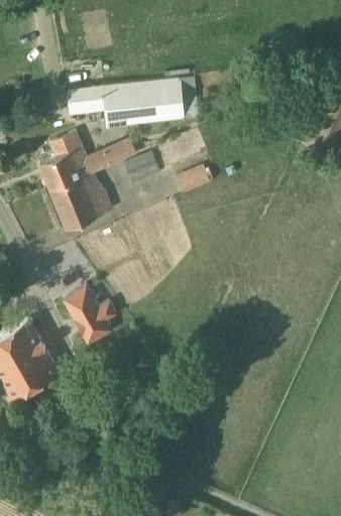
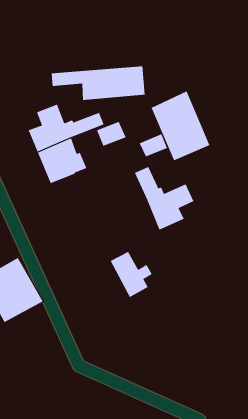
building: none -> [151,91,210,161]
building: none -> [134,166,194,230]
building: [64,284,116,342] -> [110,251,152,298]

